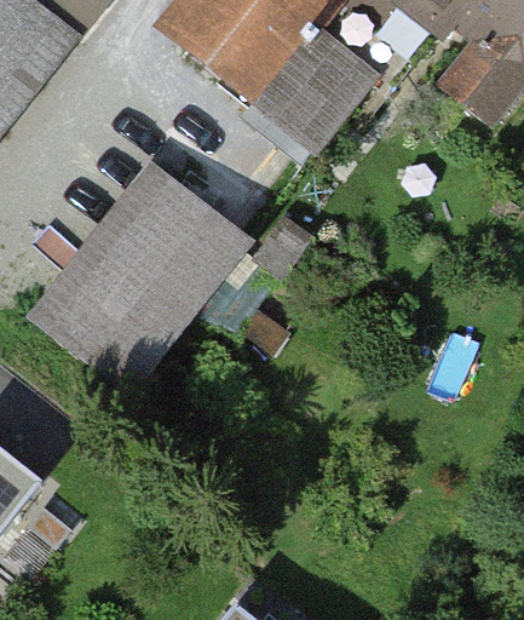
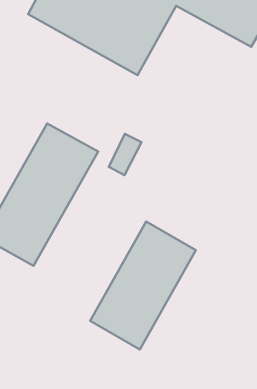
building: none -> [90,222,196,349]

